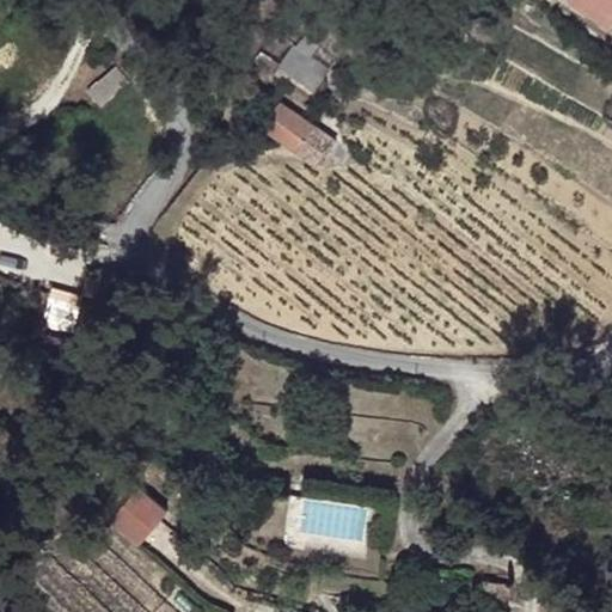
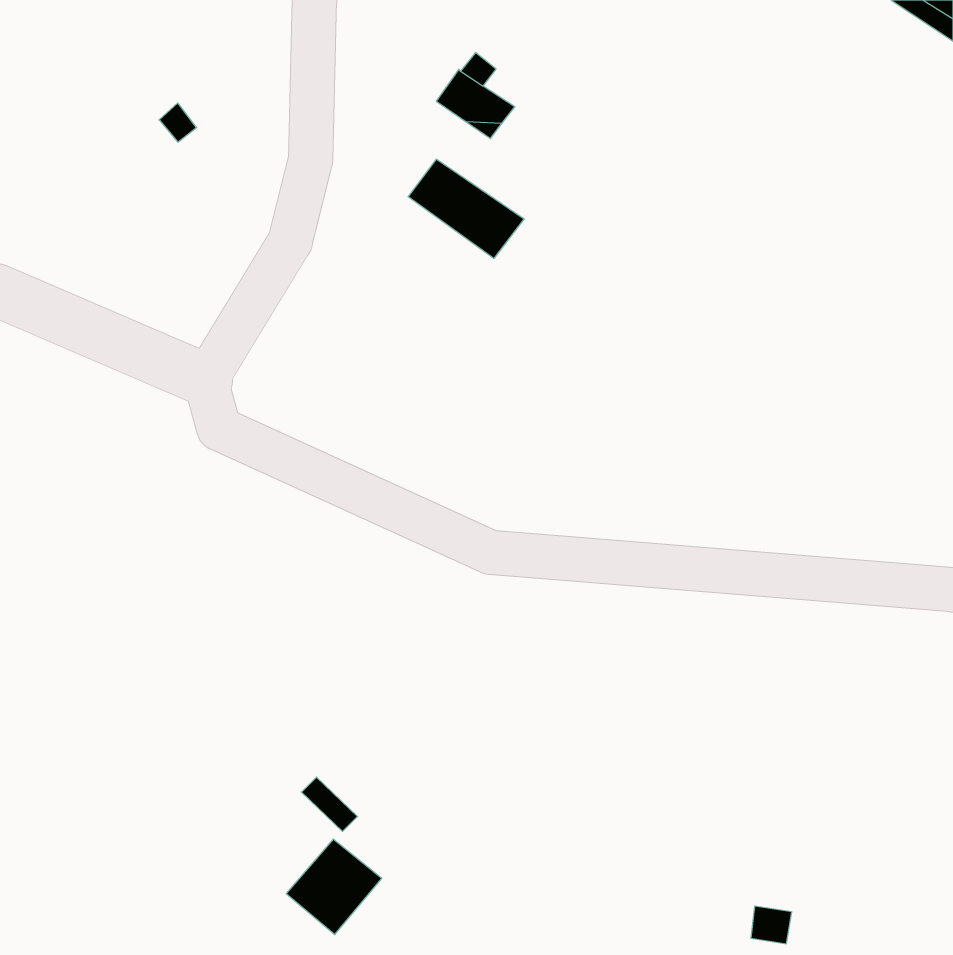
building: [106,486,167,547] -> [286,839,382,935]

